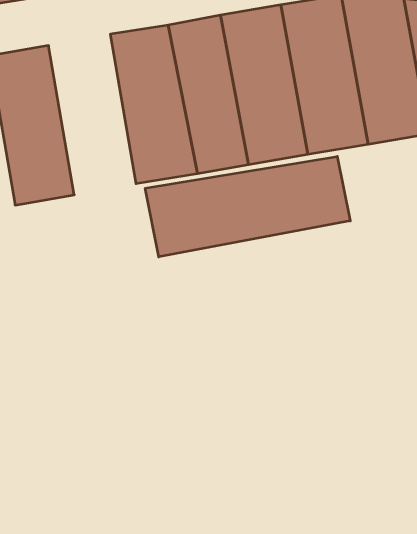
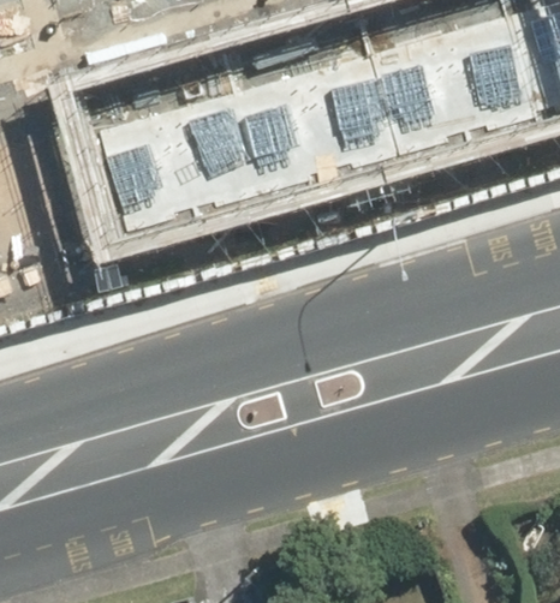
building: none -> [108,74,213,244]
building: [145,156,350,257] -> none

